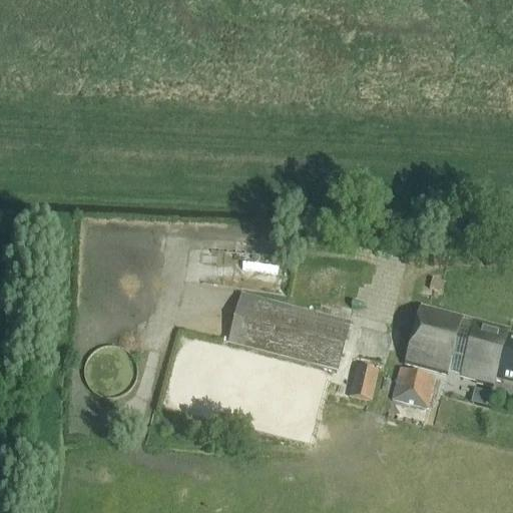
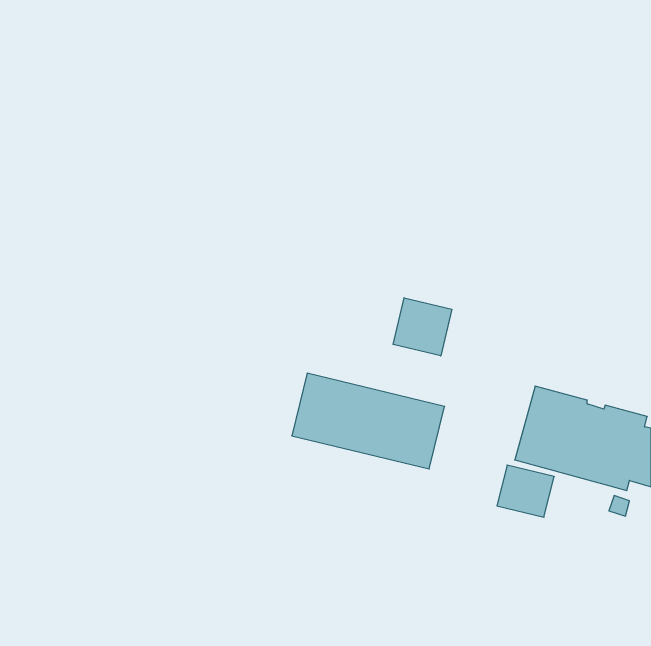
building: none -> [393,298,452,356]
building: [349,364,376,399] -> none

